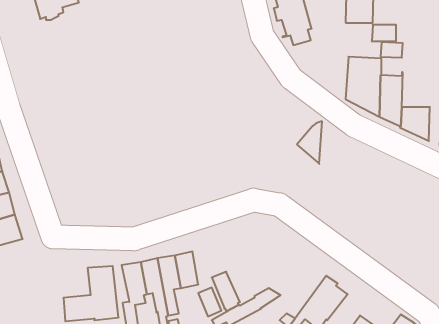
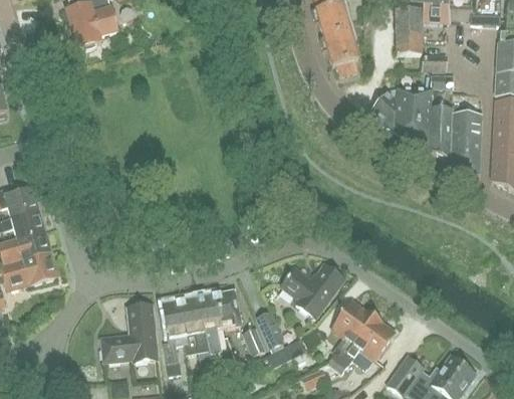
building: none -> [452,103,482,139]
building: [297,121,322,164] -> [370,86,397,131]
building: none -> [281,263,343,318]
building: none -> [331,300,373,351]

